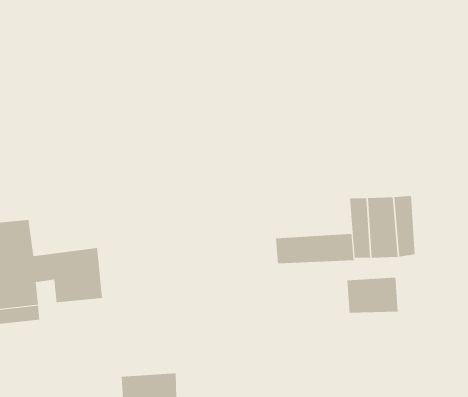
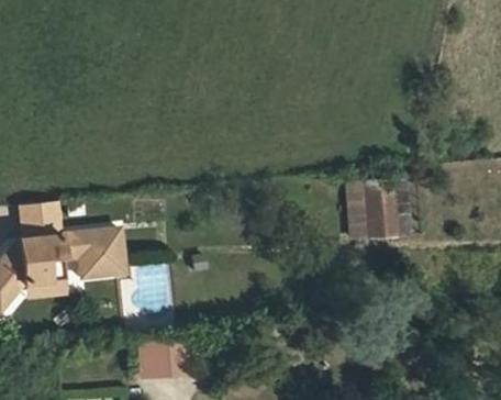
building: [275,233,354,264] -> none
building: [347,277,398,313] -> none

